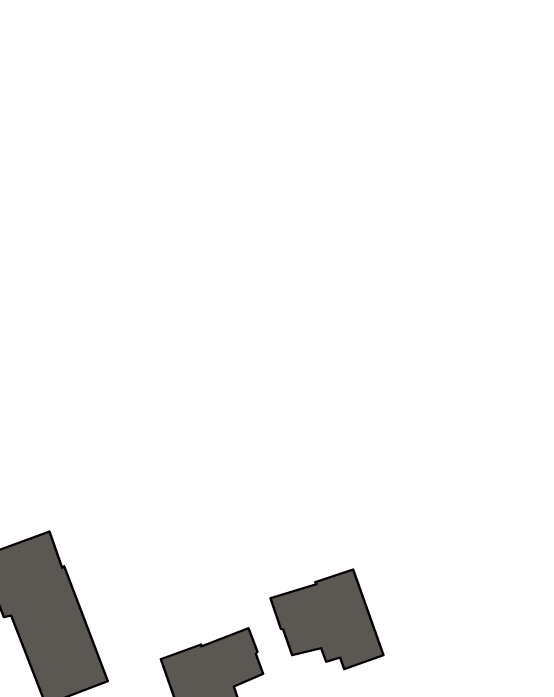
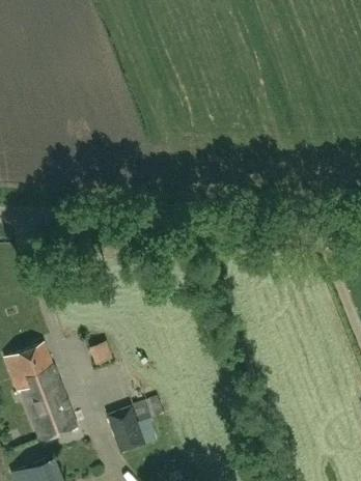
building: [271,569,383,669] -> none

